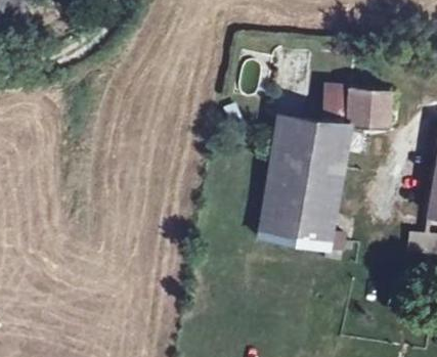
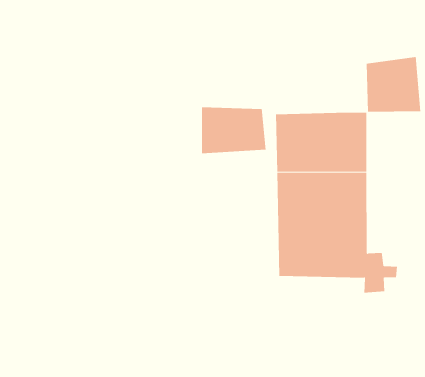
building: [323,87,351,124] -> none
building: none -> [201,106,266,154]

